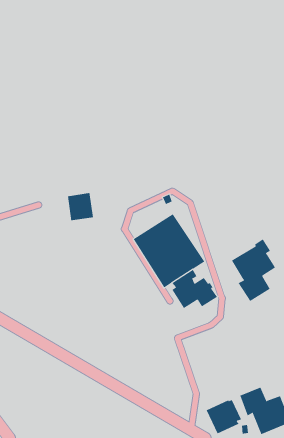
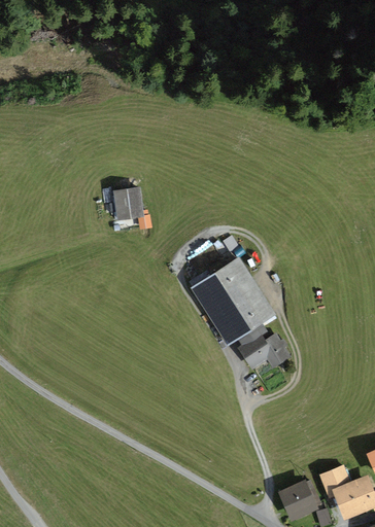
building: [67,193,94,221] -> [112,186,144,220]
building: [231,238,276,302] -> none

